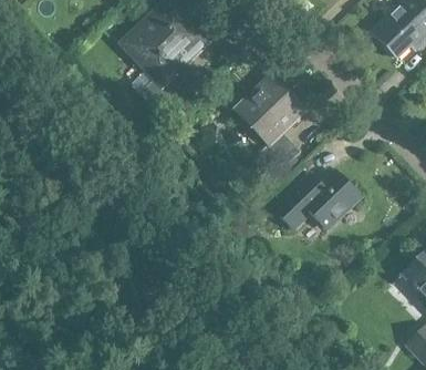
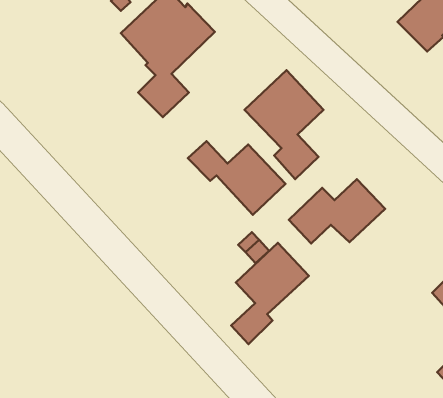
building: none -> [188,141,285,215]
building: none -> [231,243,309,344]

